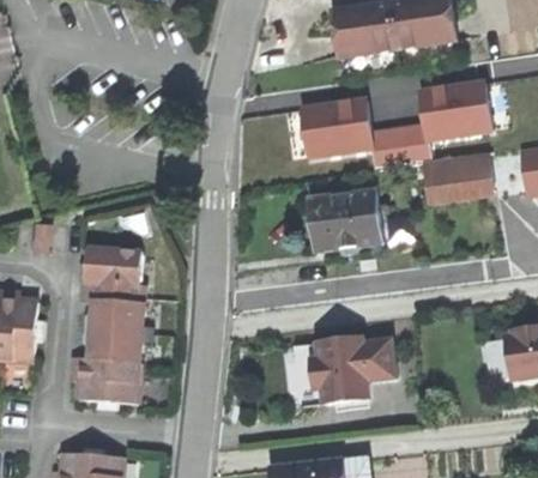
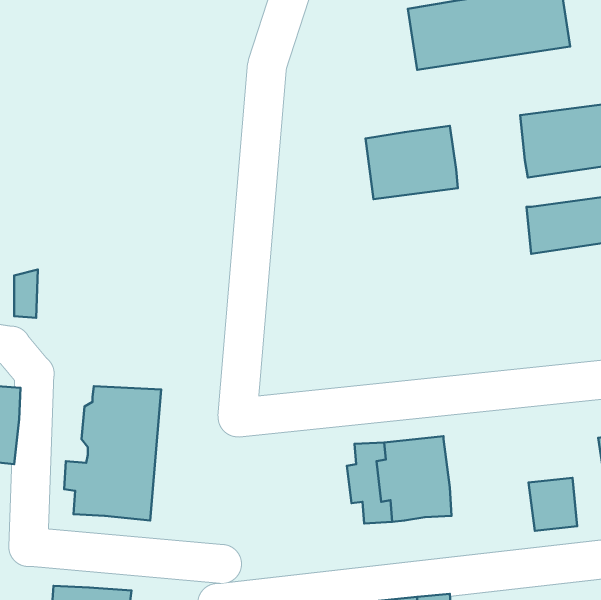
building: [371,126,429,169] -> none
building: [310,189,383,249] -> none
building: [84,246,146,302] -> none
building: [362,337,399,377] -> [529,478,577,531]

